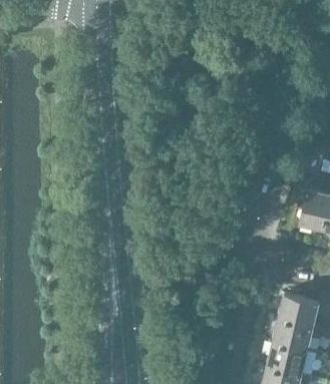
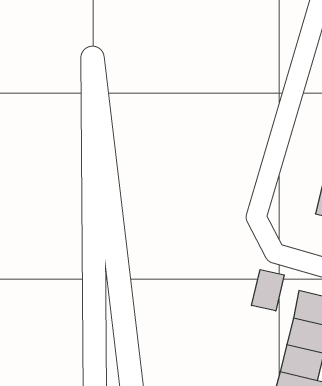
building: none -> [252,270,284,311]

